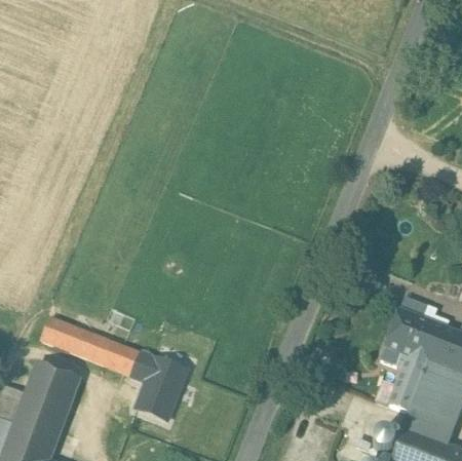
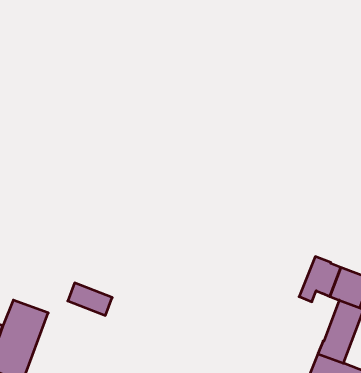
building: [41,317,112,363] -> none
building: [390,354,430,412] -> none
building: [138,359,186,419] -> none

